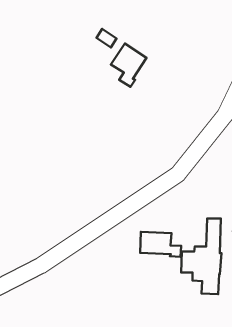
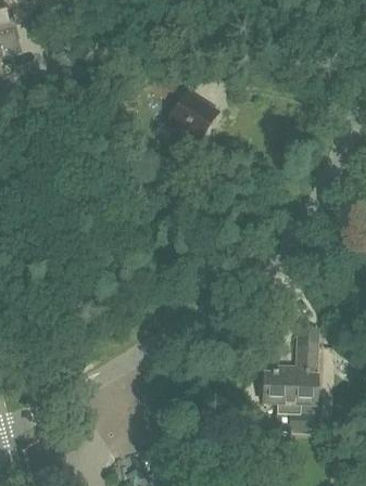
building: [140,232,181,257] -> none

